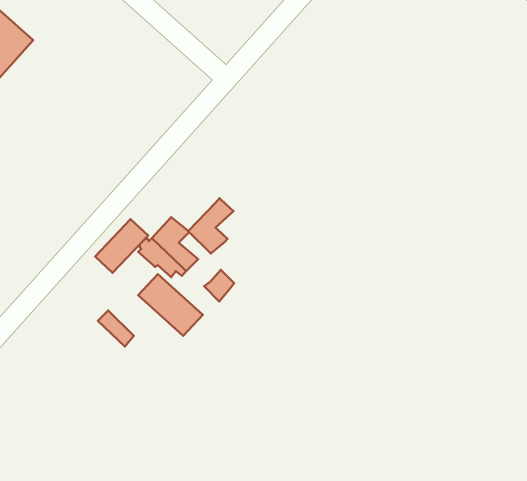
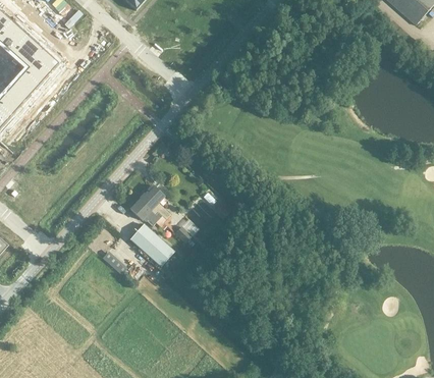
building: [188,198,233,254] -> none
building: [95,219,148,273] -> none

